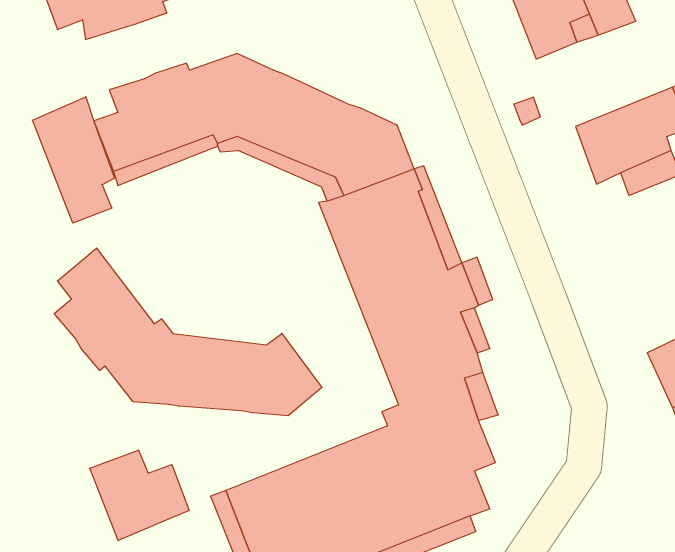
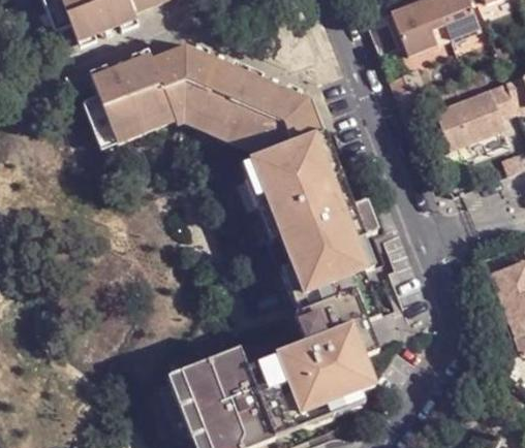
building: [32,97,114,223] -> none
building: [54,248,322,416] -> none
building: [90,450,189,541] -> none

